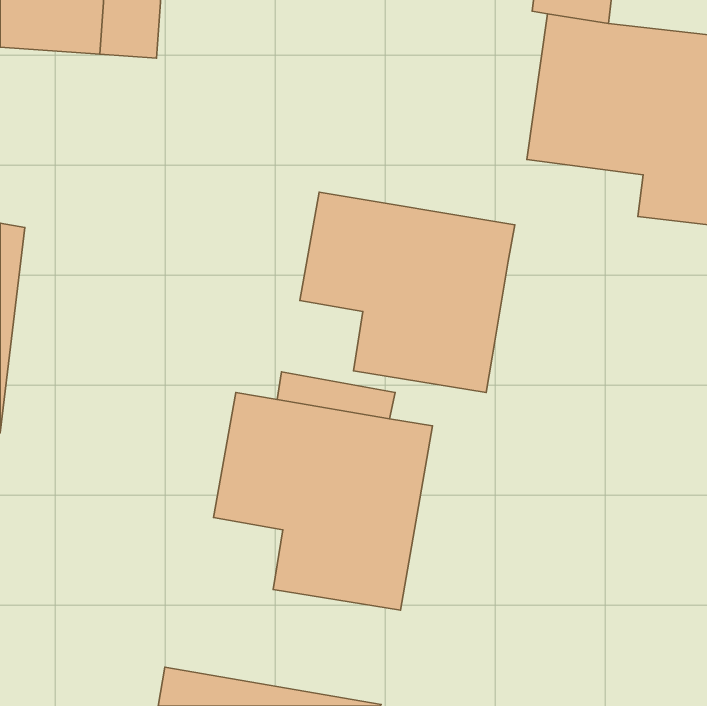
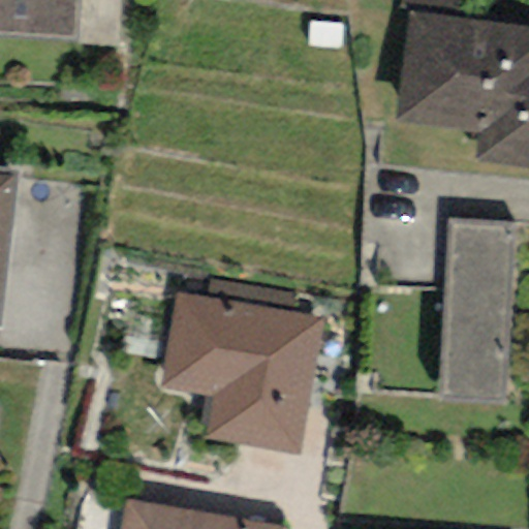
building: [300,192,515,393] -> none
building: none -> [438,217,517,401]

